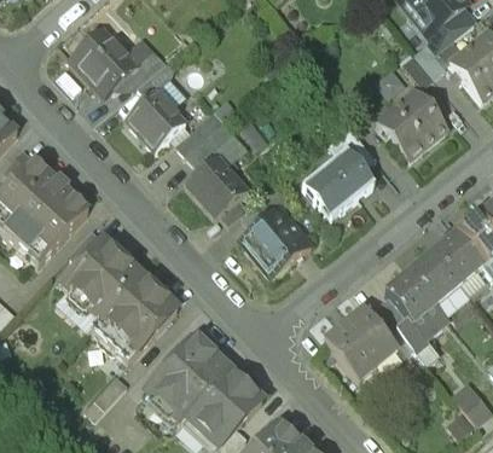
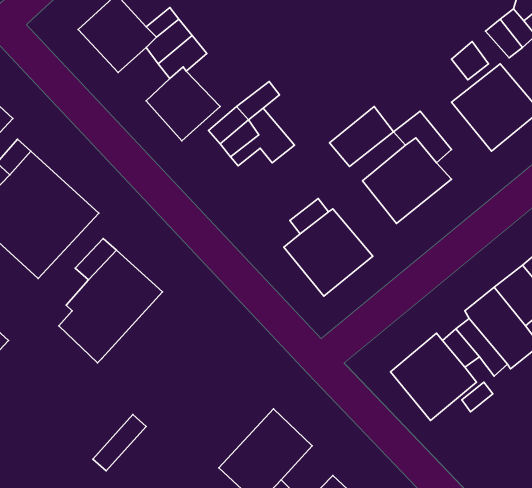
building: none -> [330,107,394,167]
building: [190,155,249,215] -> none
building: [92,272,179,360] -> none
building: [145,333,232,420] -> none

